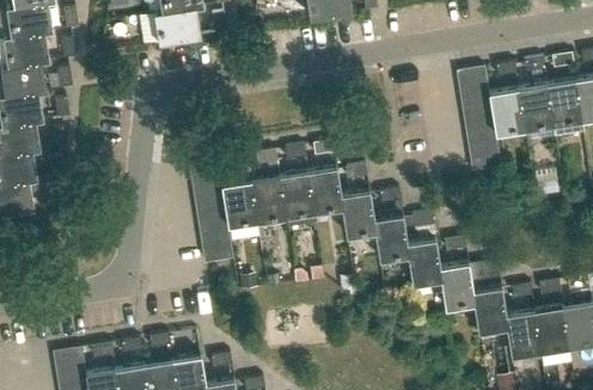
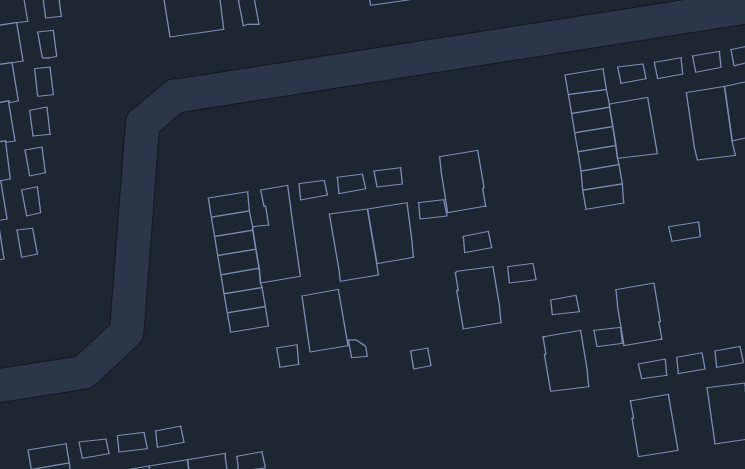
building: [519,86,554,132] -> none
building: [252,177,287,224] -> [302,290,348,352]
building: [342,193,377,239] -> [440,150,486,213]
building: [408,240,442,287] -> none
building: [473,288,508,335] -> [616,283,662,346]
building: [534,307,569,354] -> none

